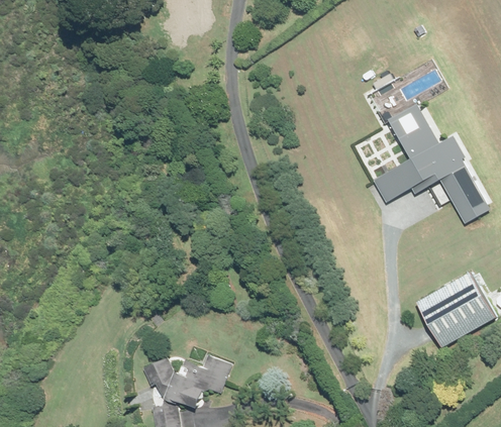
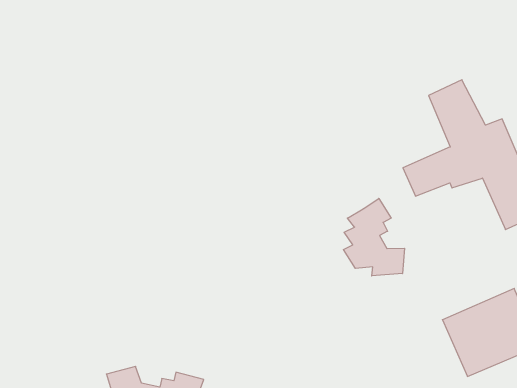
building: none -> [343,198,404,276]

